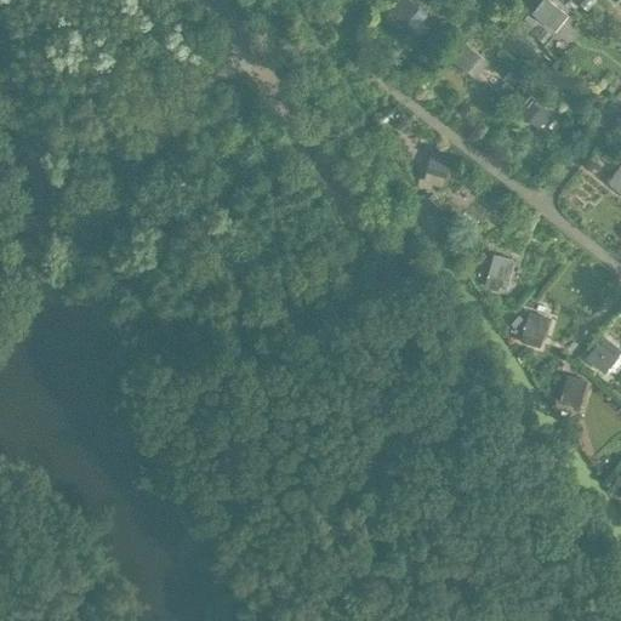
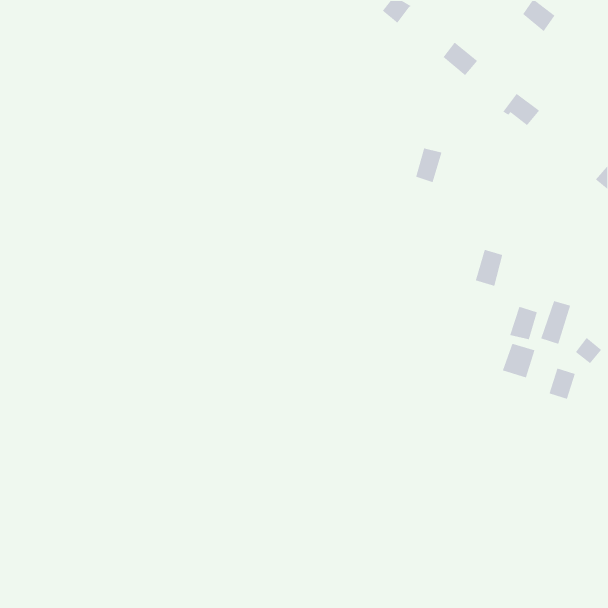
building: none -> [540,300,571,345]
building: none -> [502,343,536,379]

